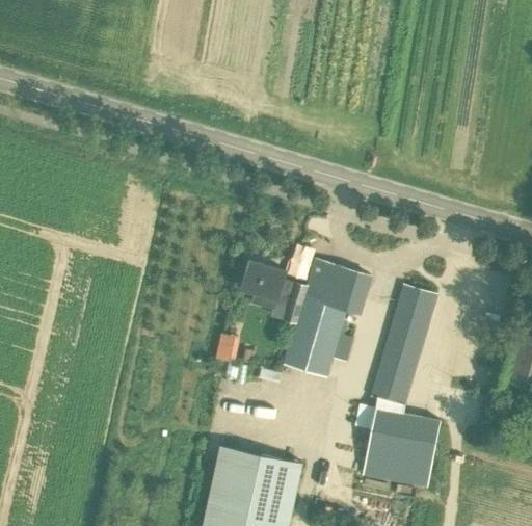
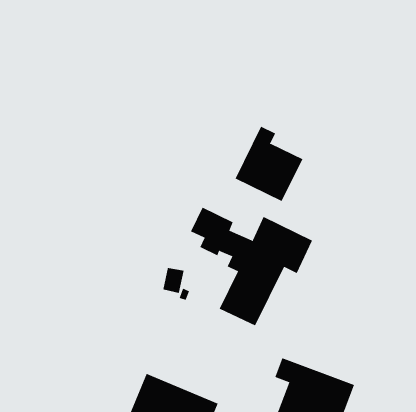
building: none -> [235,126,303,202]
building: [371,284,438,406] -> none

